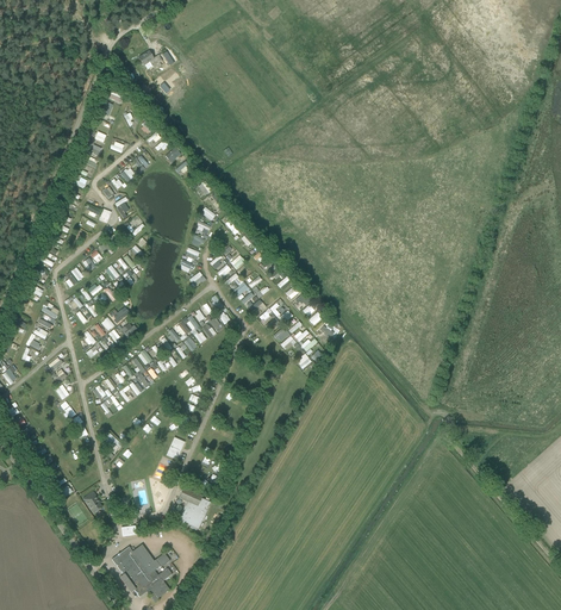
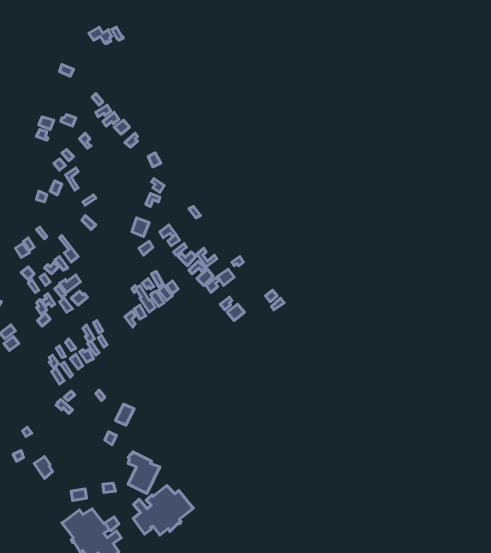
building: none -> [133,485,193,535]

